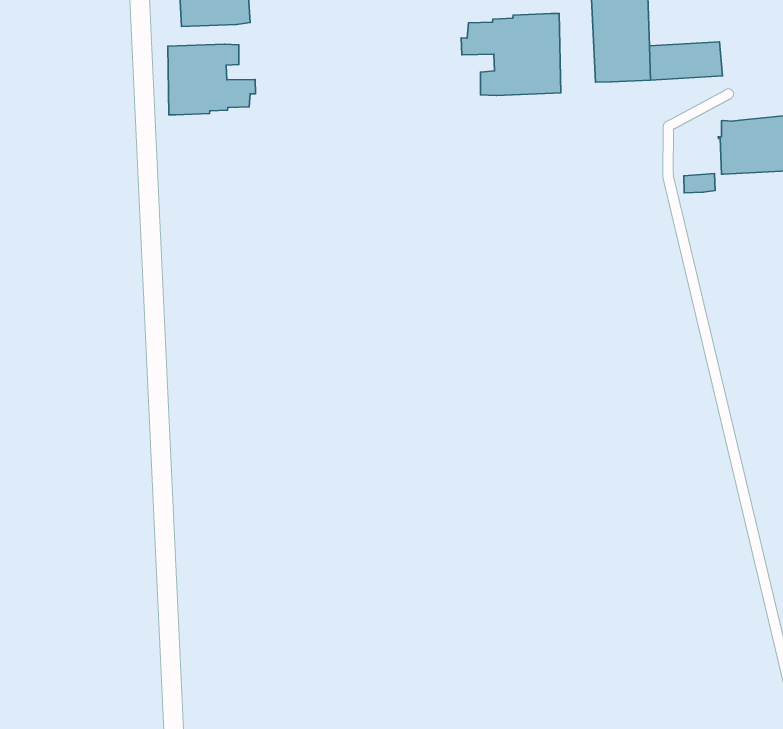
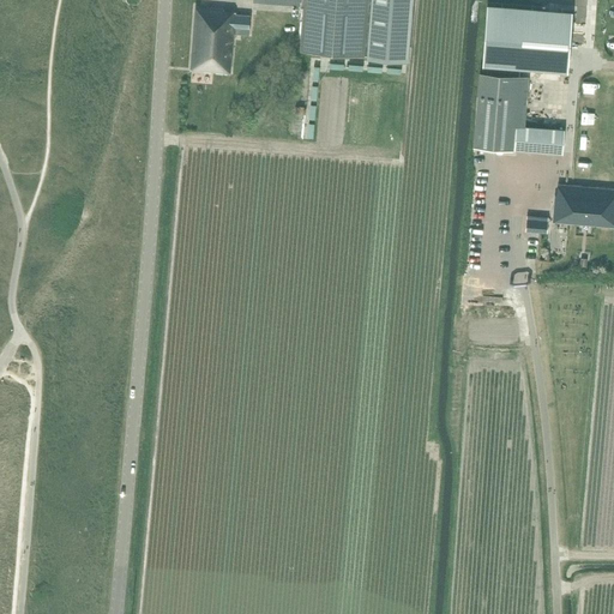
building: [461,13,561,95] -> none
building: [168,44,256,115] -> none

